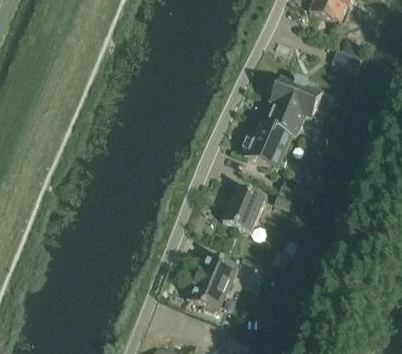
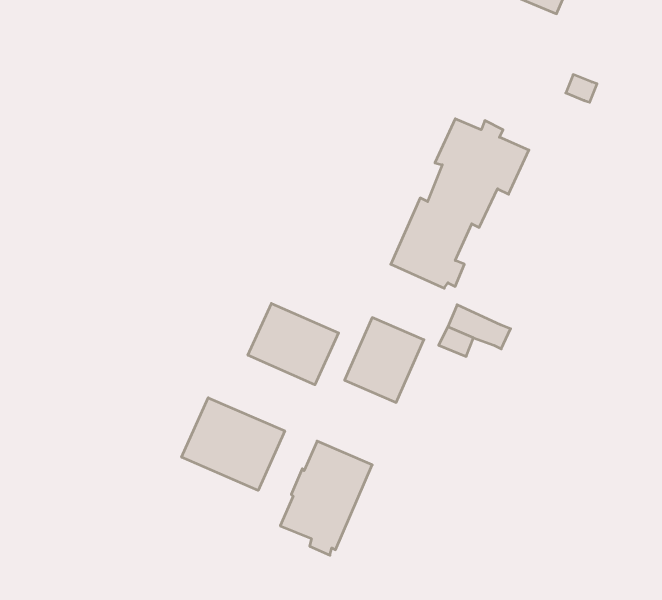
building: none -> [248,303,339,385]
building: none -> [182,398,285,490]

